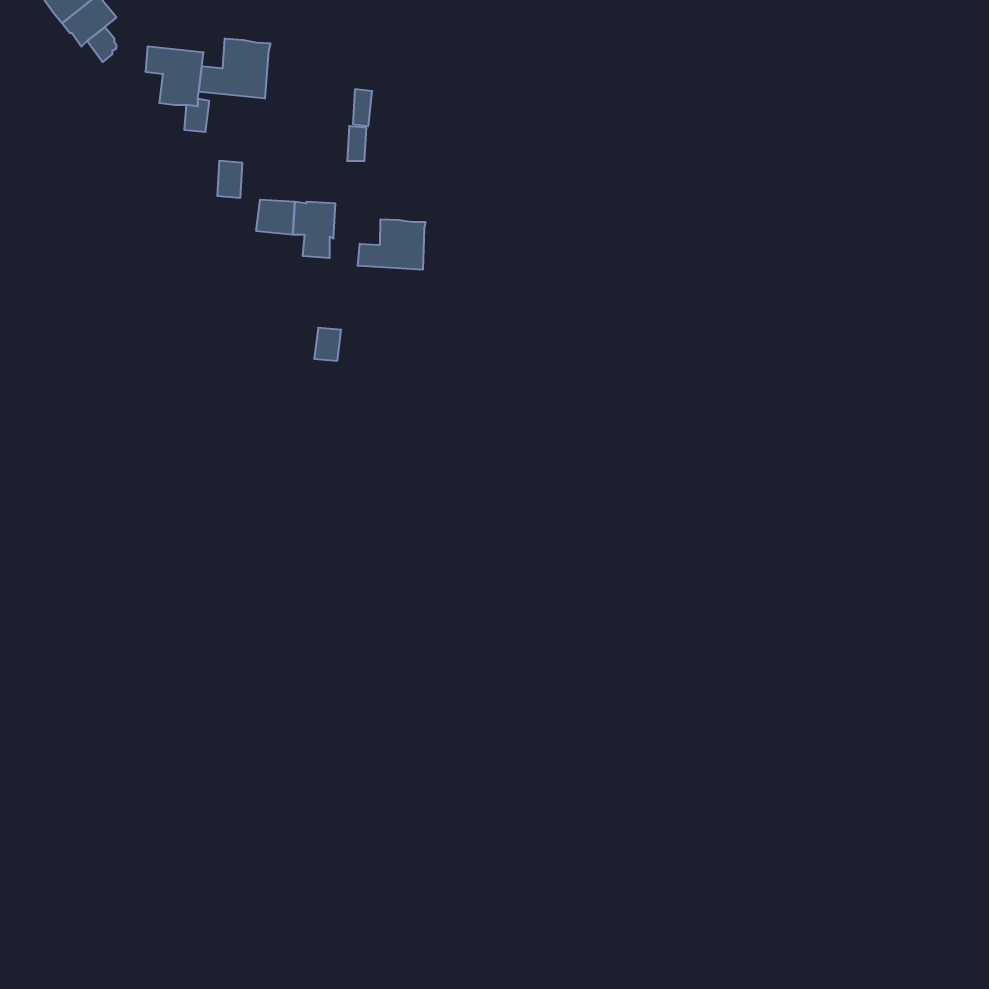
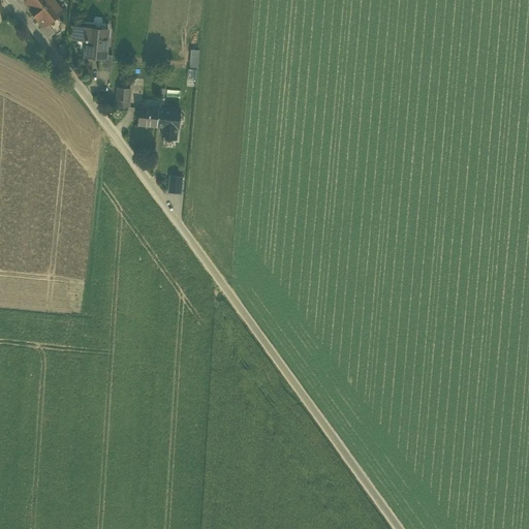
building: [199,38,270,99] -> none
building: [358,219,425,270] -> none

